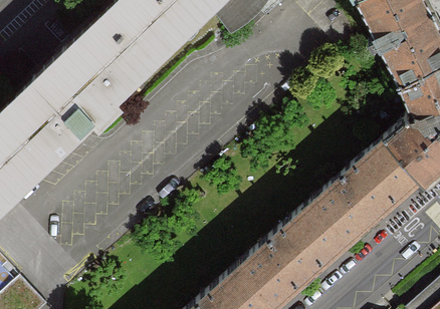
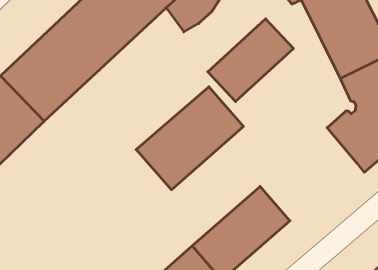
building: none -> [208,19,293,102]
building: none -> [136,87,243,190]
building: [311,142,416,243] -> none

